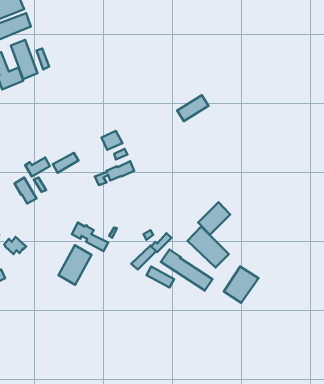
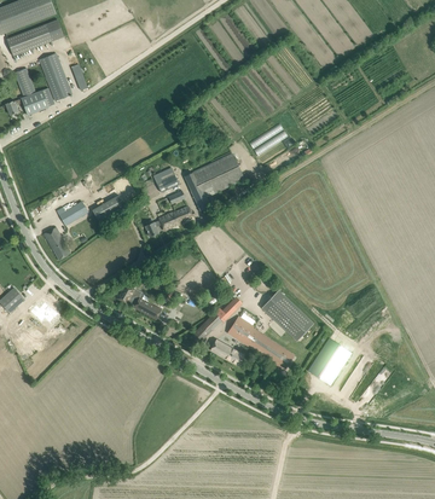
building: none -> [184,152,245,210]
building: [198,202,230,235] -> none
building: [59,245,91,285] -> none

